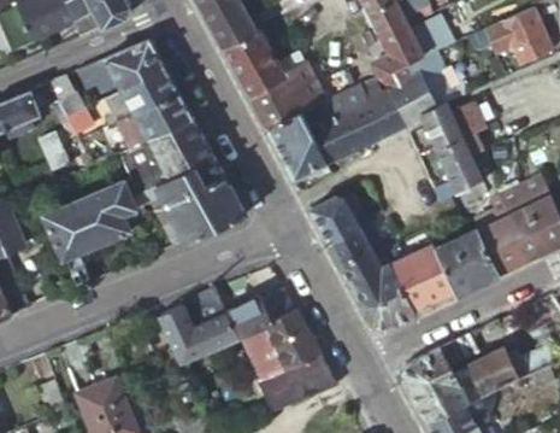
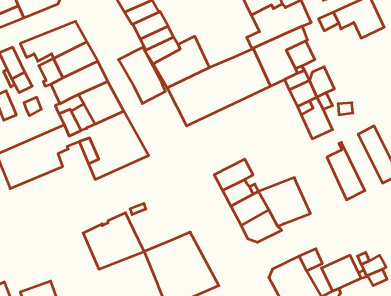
building: none -> [118,47,165,104]
building: [495,188,548,262] -> none
building: [311,195,369,241] -> none
building: [435,229,499,296] -> none
building: [224,297,272,341] -> none

